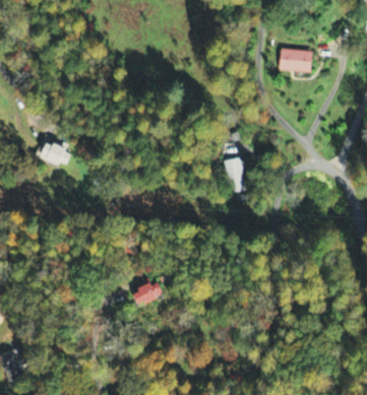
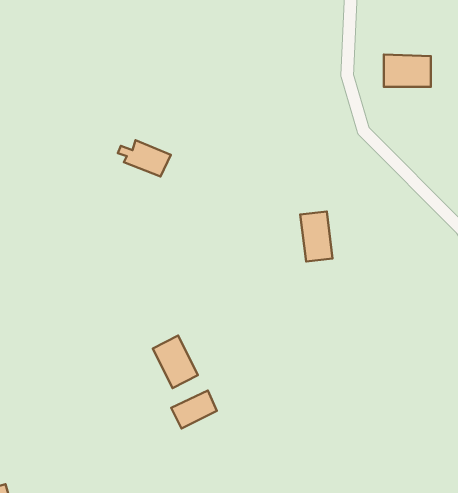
building: [38,143,74,169] -> [118,140,171,177]
building: none -> [153,335,198,388]

